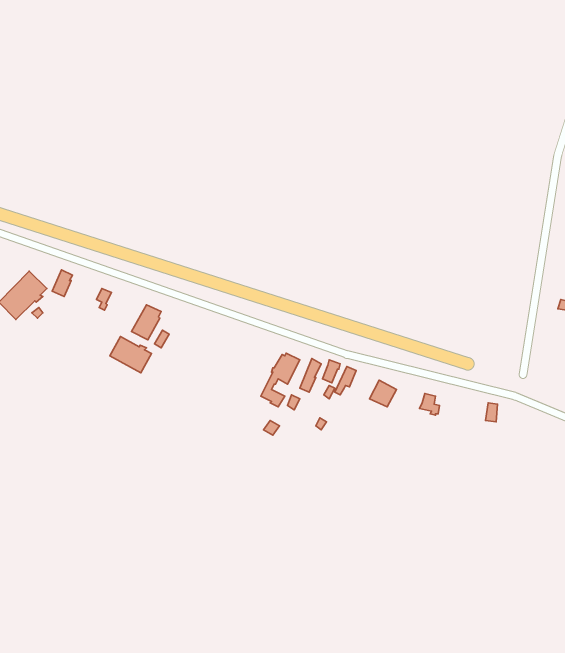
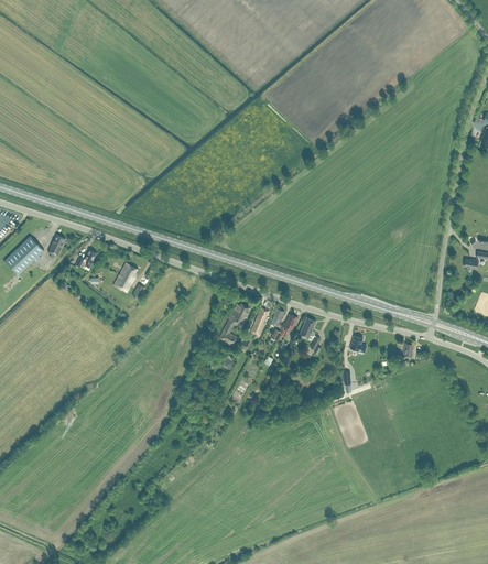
building: [110,336,151,373] -> none

